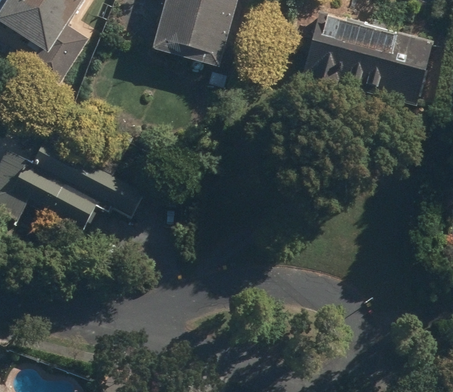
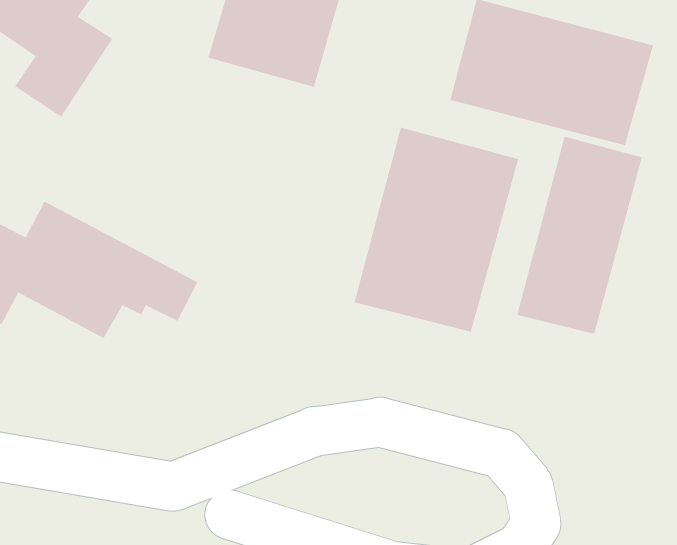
building: none -> [354,127,519,332]
building: none -> [516,136,643,334]

